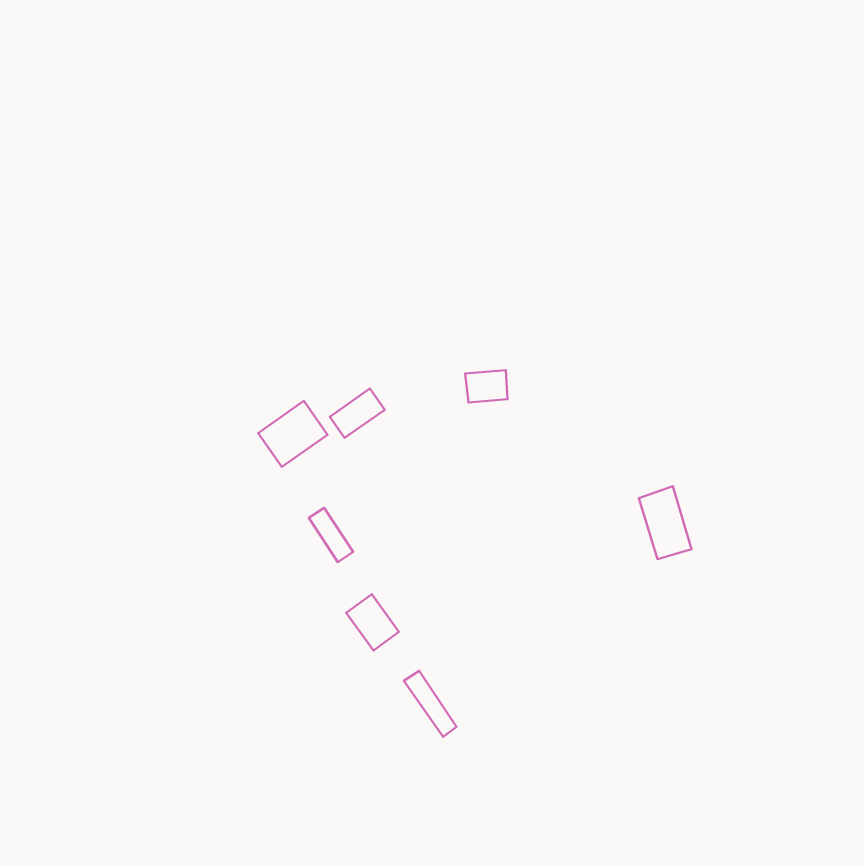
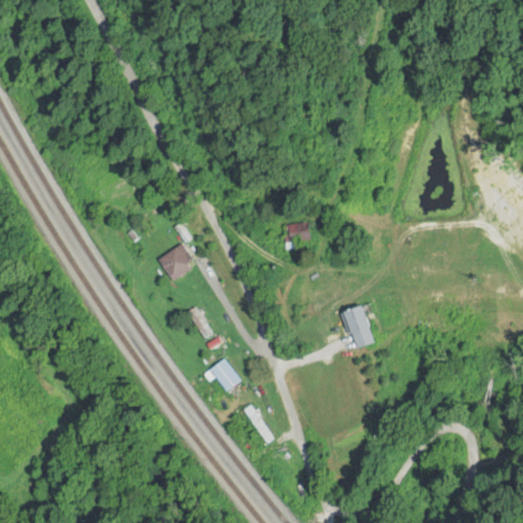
building: [330,389,385,438] -> none
building: [639,486,691,559] -> [340,303,372,347]

